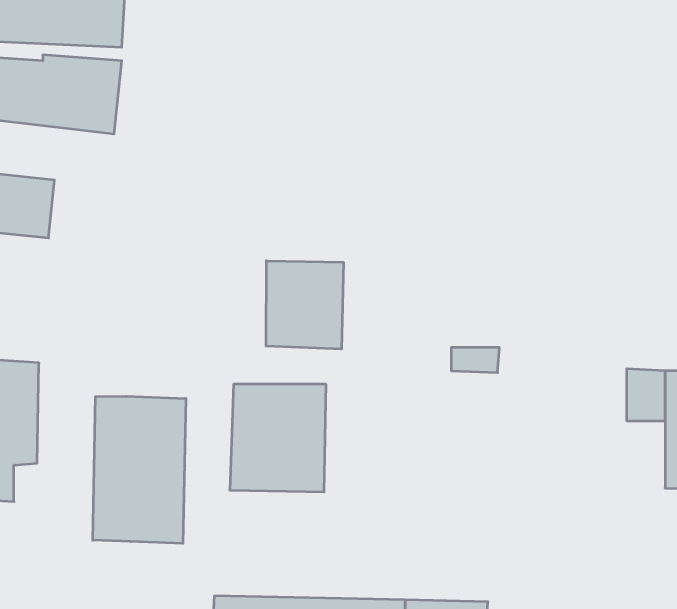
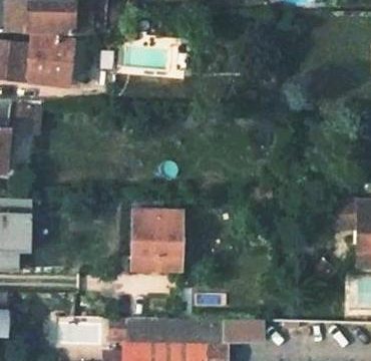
building: [266,261,343,349] -> none
building: [93,396,186,543] -> none

